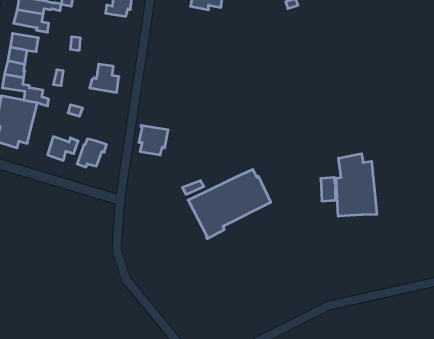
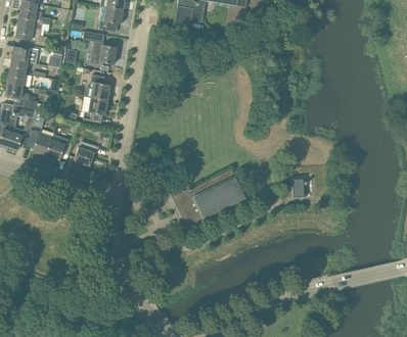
building: none -> [82,31,116,64]
building: none -> [27,125,53,155]
building: [139,125,168,155] -> [81,95,107,122]
building: [336,154,377,216] -> none

